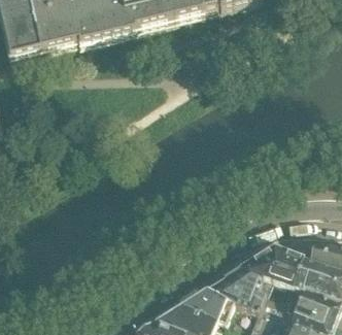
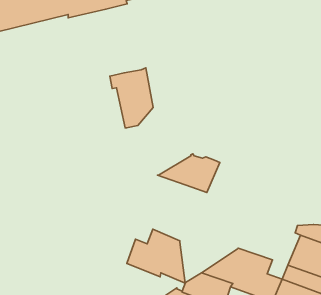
building: none -> [110,68,153,128]
building: [241,241,301,278] -> [157,154,220,192]
building: none -> [127,229,185,283]

